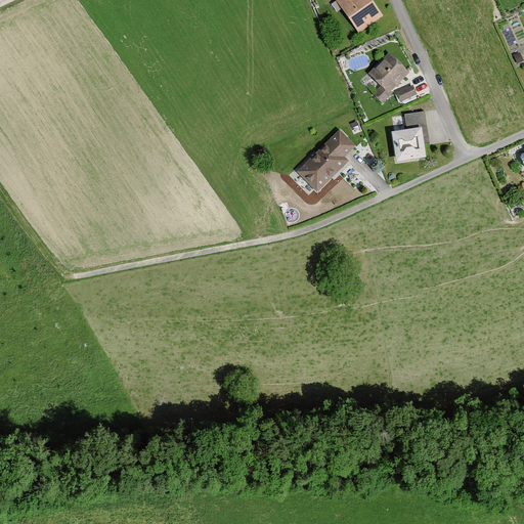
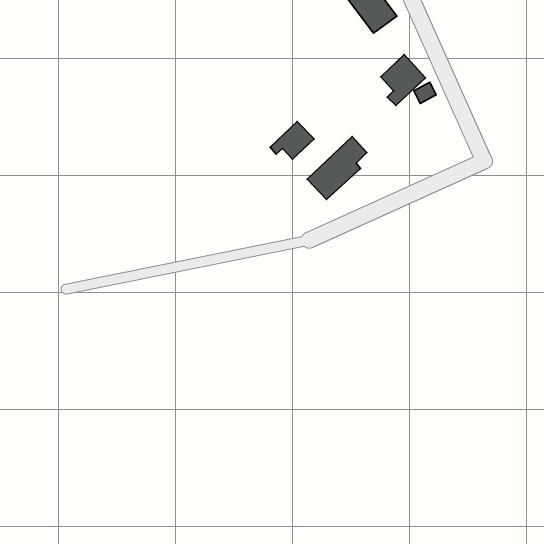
building: [389,111,428,162] -> none
building: none -> [270,122,314,159]

